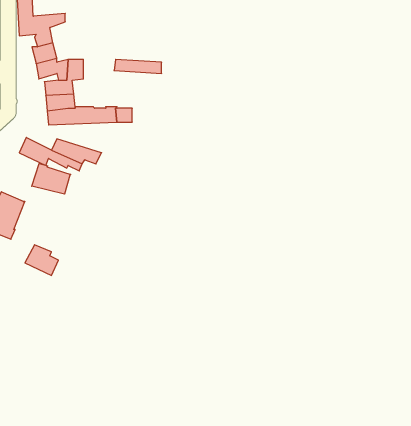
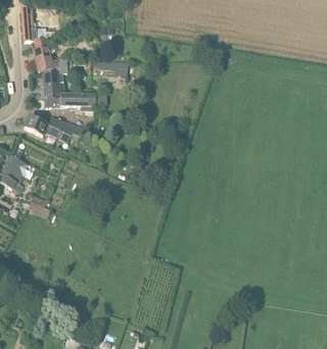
building: [32,163,71,194] -> none

